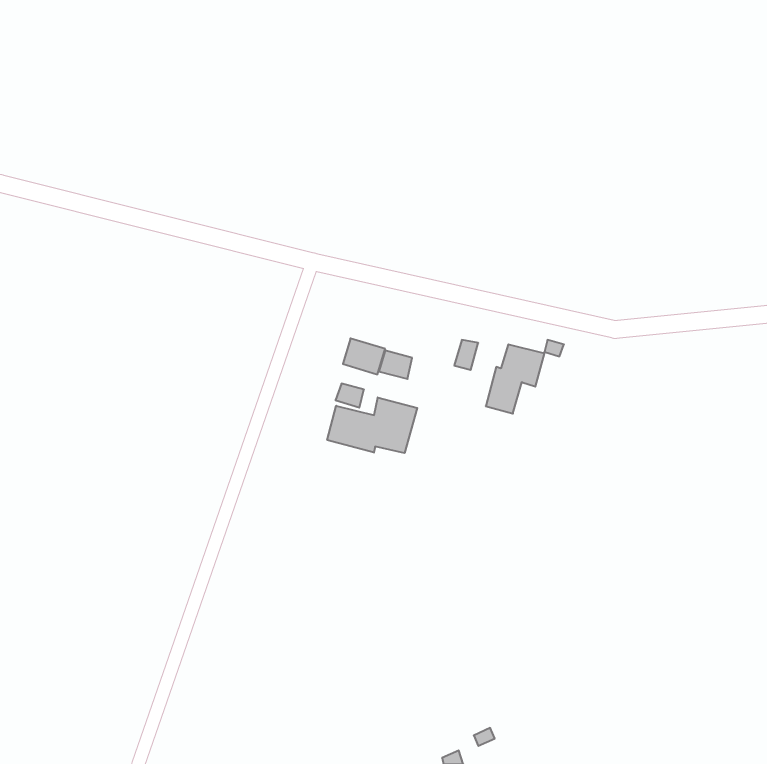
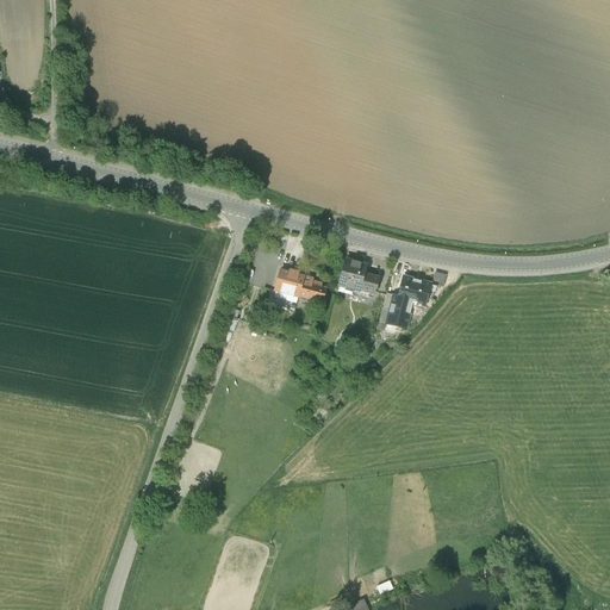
building: none -> [338,261,367,290]
building: [327,397,417,453] -> none

